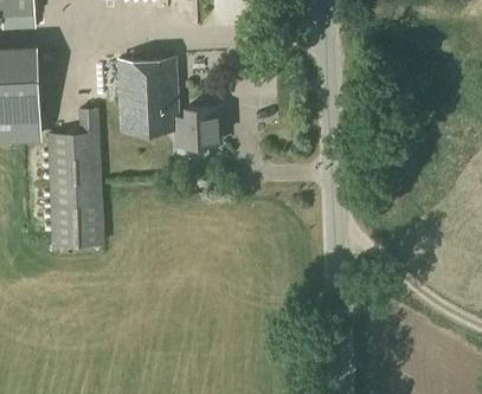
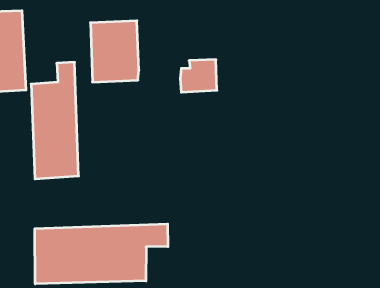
building: [175,108,219,147] -> [180,60,217,92]
building: none -> [35,224,168,284]

